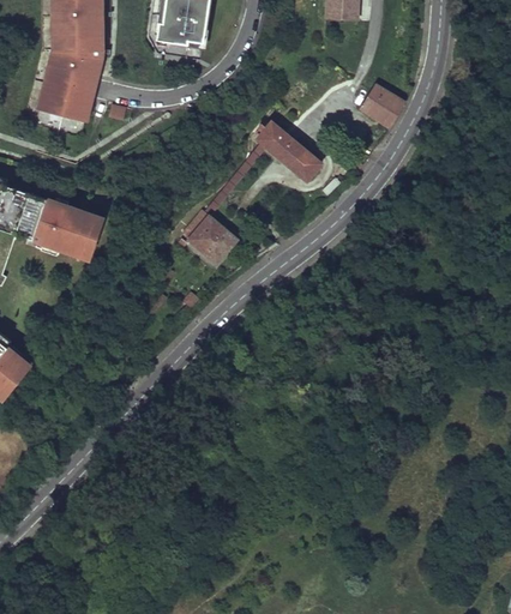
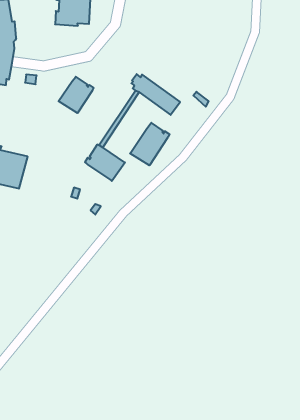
building: [359,83,403,126] -> none
building: none -> [59,77,94,113]
building: none -> [130,123,170,165]

